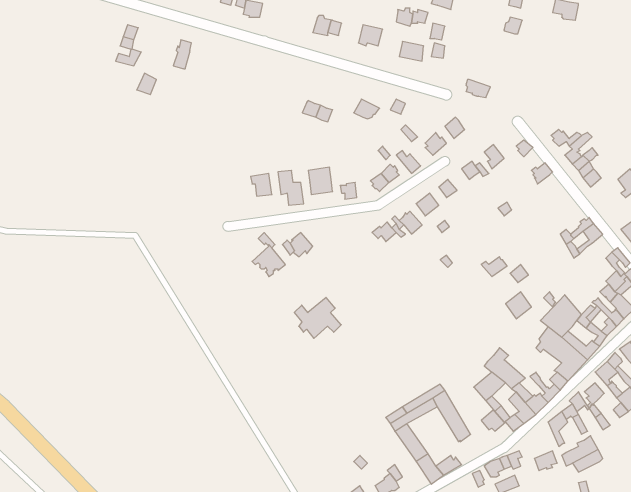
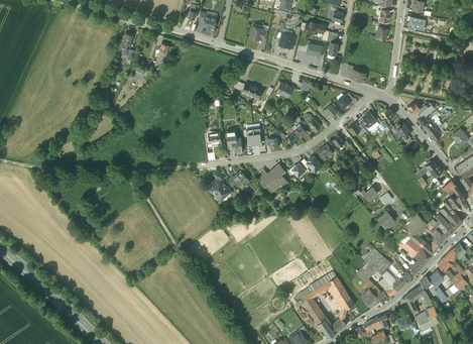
building: [294,297,341,338] -> [258,164,289,192]

